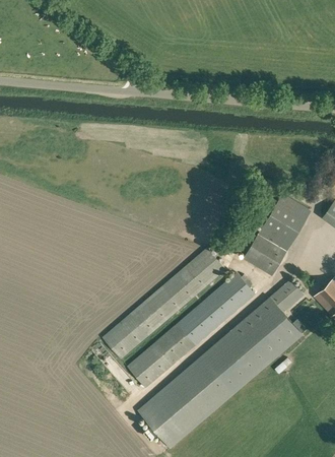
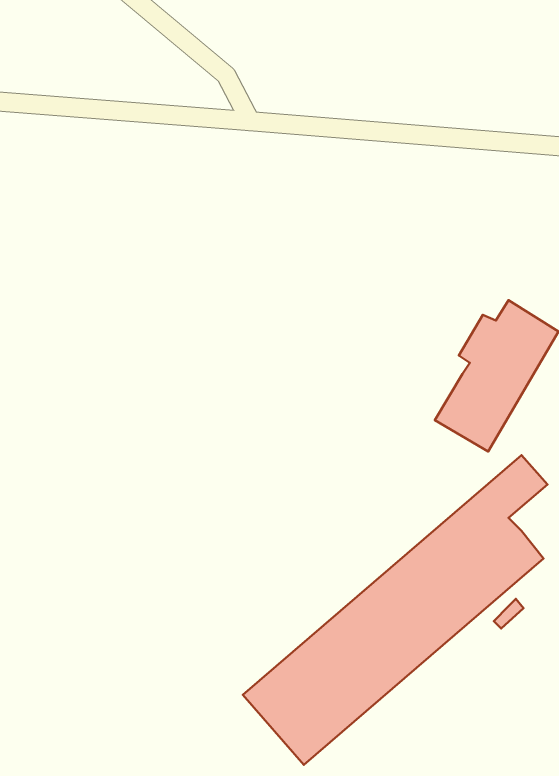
building: [100,248,225,360] -> none
building: [126,272,254,389] -> none

